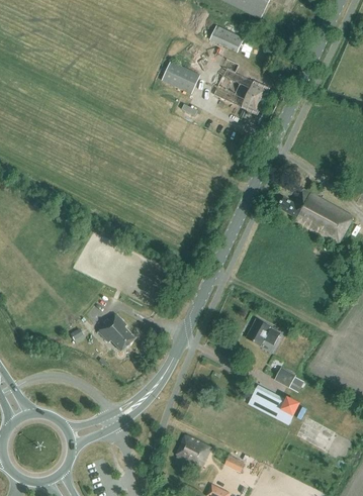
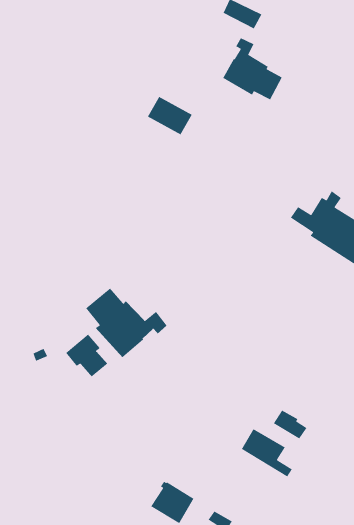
building: [162,60,200,92] -> [147,96,193,136]
building: none -> [85,287,167,358]
building: [246,320,279,345] -> none

